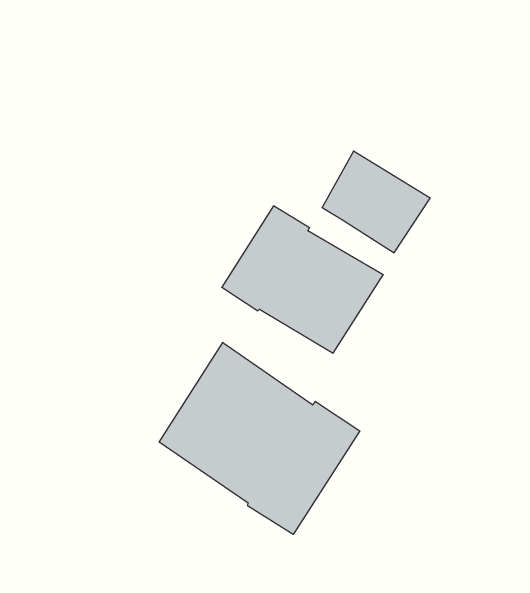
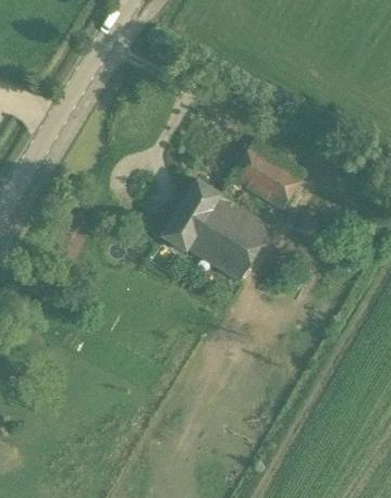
building: [159,342,360,534] -> none

